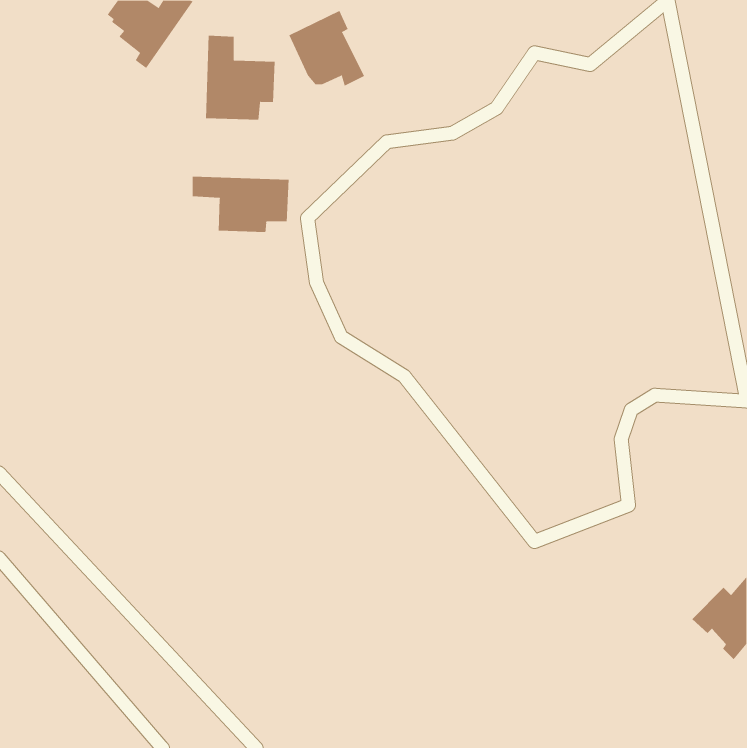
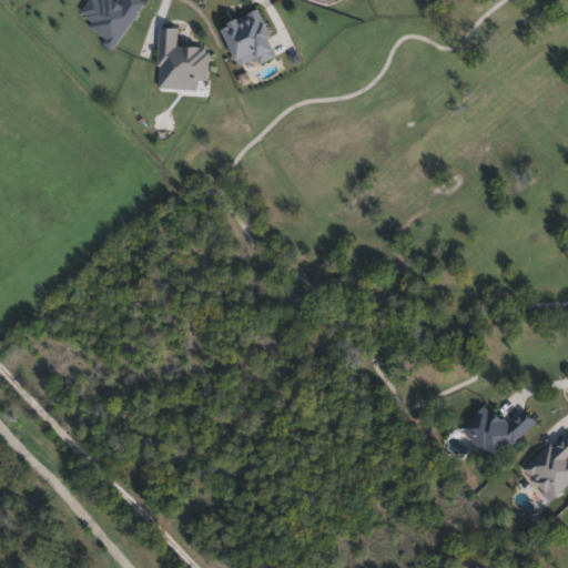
building: [192,176,289,233] -> none
building: none -> [460,407,535,463]

